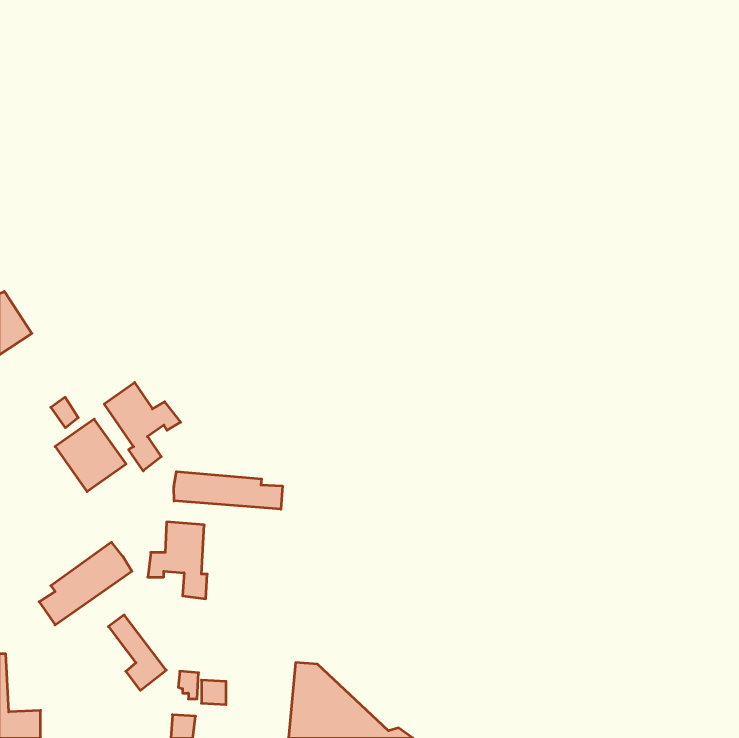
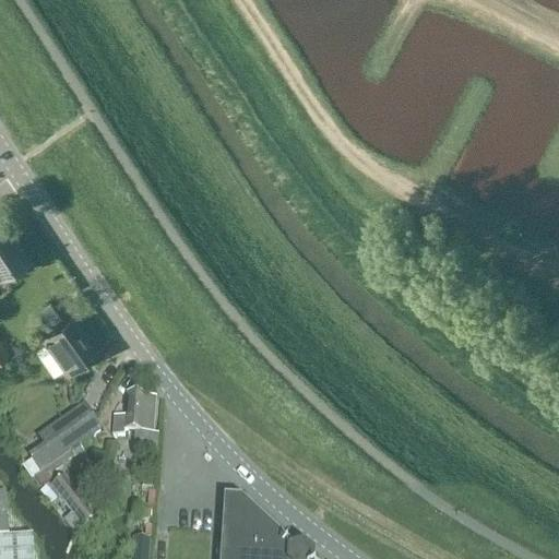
building: [104,382,181,471] -> none
building: [174,472,282,509] -> none
building: [108,615,166,690] -> [50,475,94,532]

